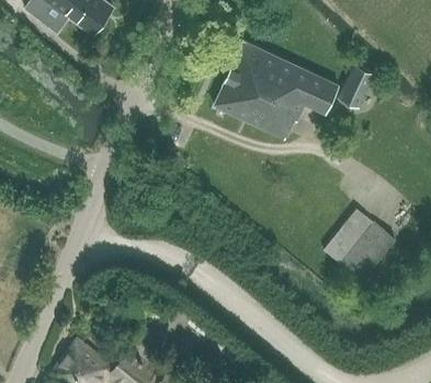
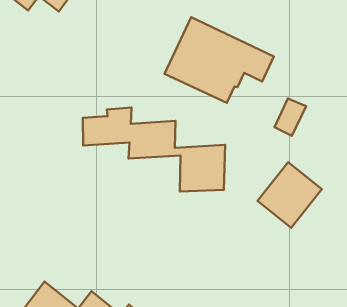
building: [338,66,374,108] -> [275,98,306,136]
building: none -> [83,108,225,192]

